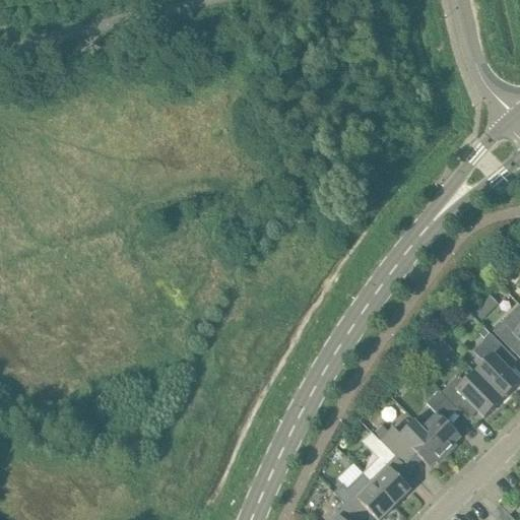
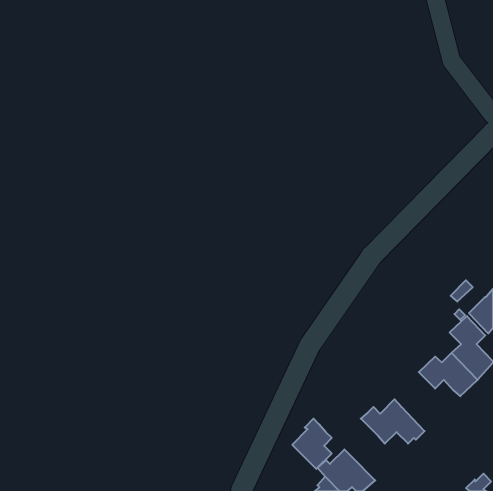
building: [422,390,461,453] -> none
building: [370,452,411,505] -> [292,419,332,469]

